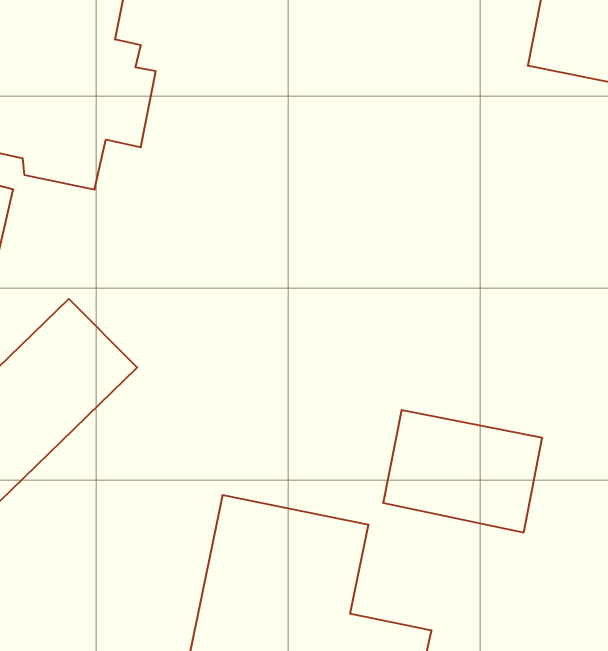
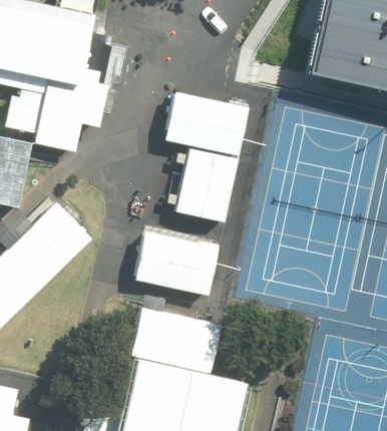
building: none -> [162,87,257,151]
building: none -> [175,148,244,224]
building: [383,410,542,532] -> [136,233,223,299]

